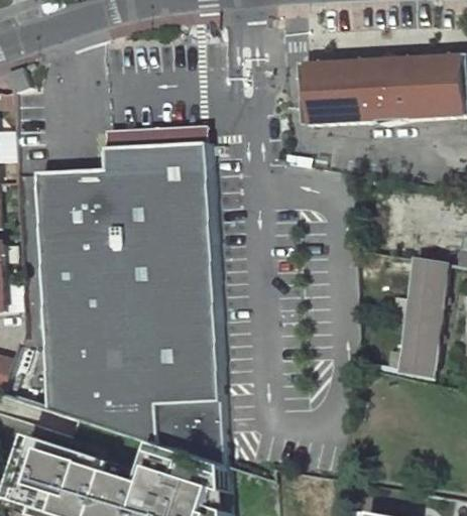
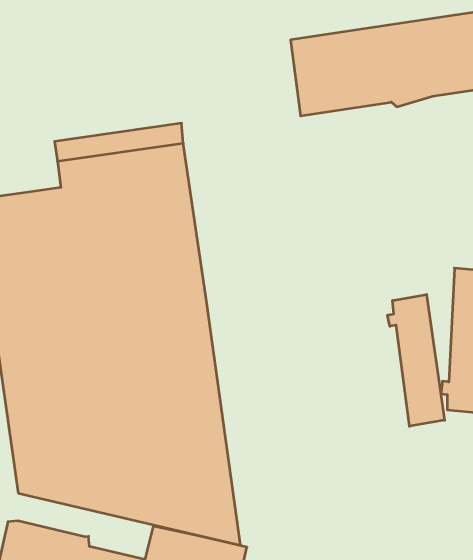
building: none -> [388,294,445,426]

